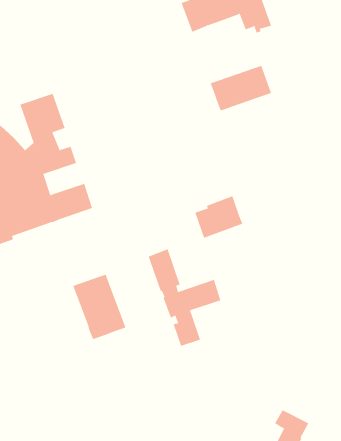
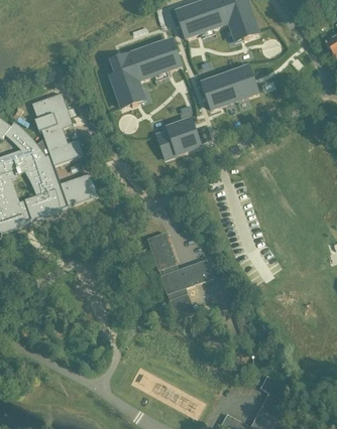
building: none -> [110,39,181,107]
building: [195,196,243,238] -> [156,120,200,158]
building: [73,274,126,340] -> none

